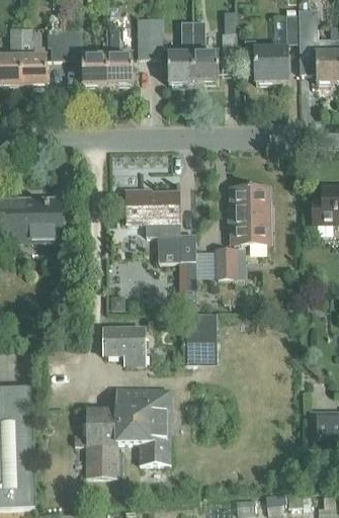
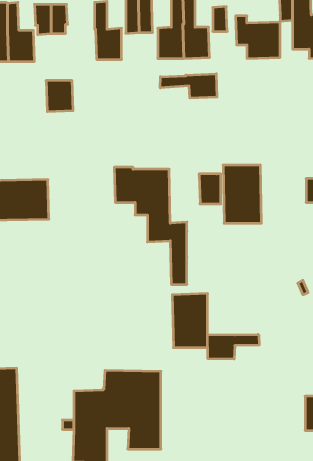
building: [82,54,108,84] -> [46,81,73,112]
building: none -> [160,74,217,98]
building: [217,248,238,277] -> [199,174,221,204]
building: [103,327,145,364] -> none
building: none -> [208,334,259,359]

